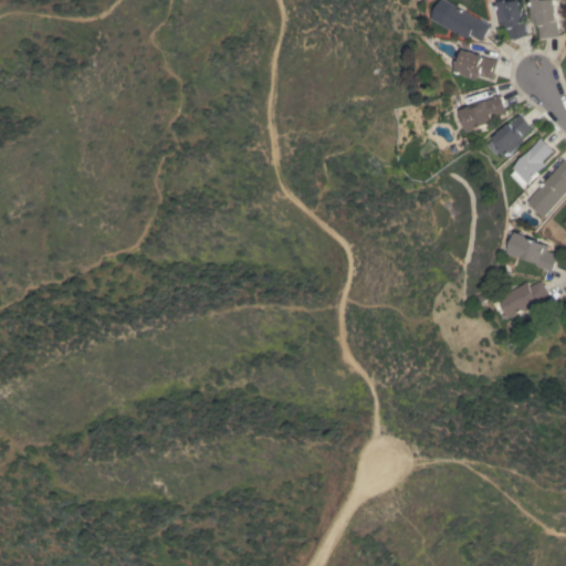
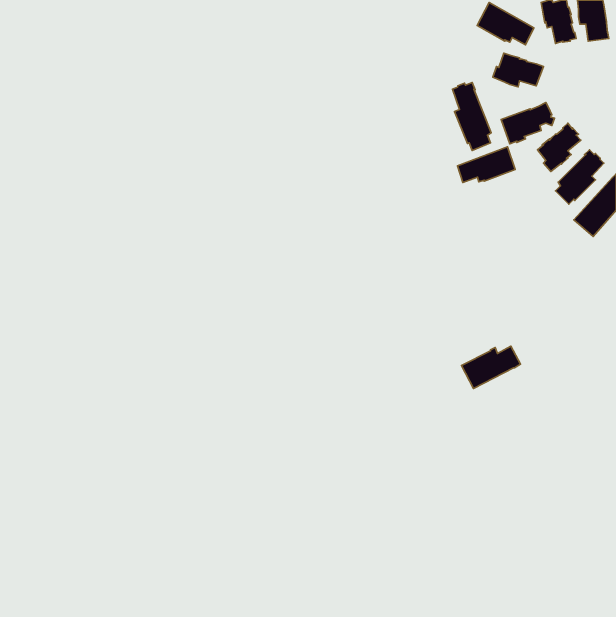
building: none -> [452,82,491,150]
building: none -> [457,147,515,182]
building: [503,231,558,272] -> none
building: [494,280,548,318] -> [461,346,521,388]

